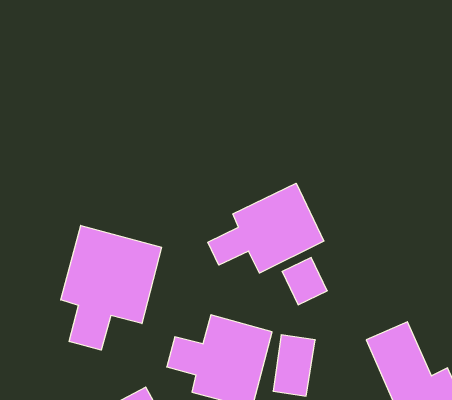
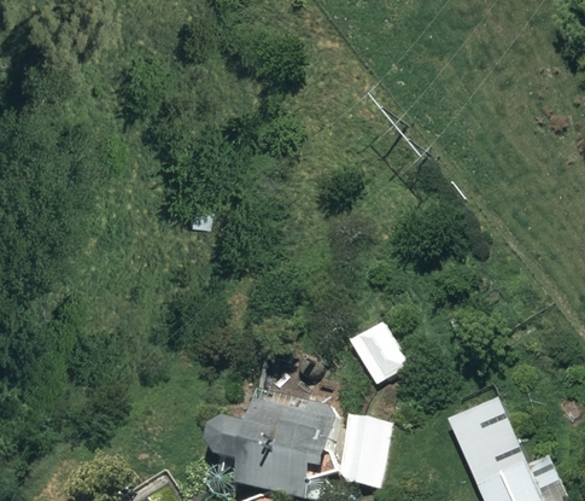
building: [208,183,324,273] -> none
building: [61,225,162,350] -> none

